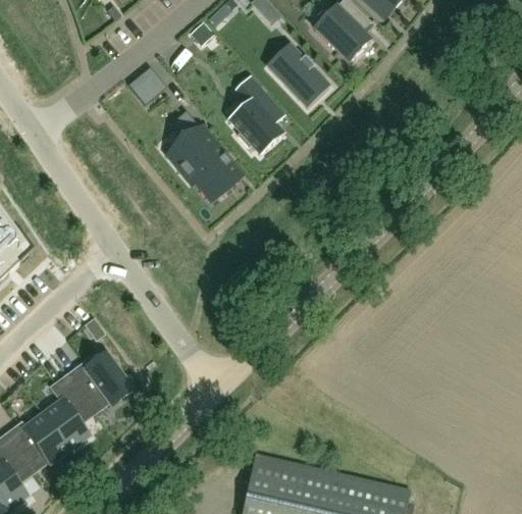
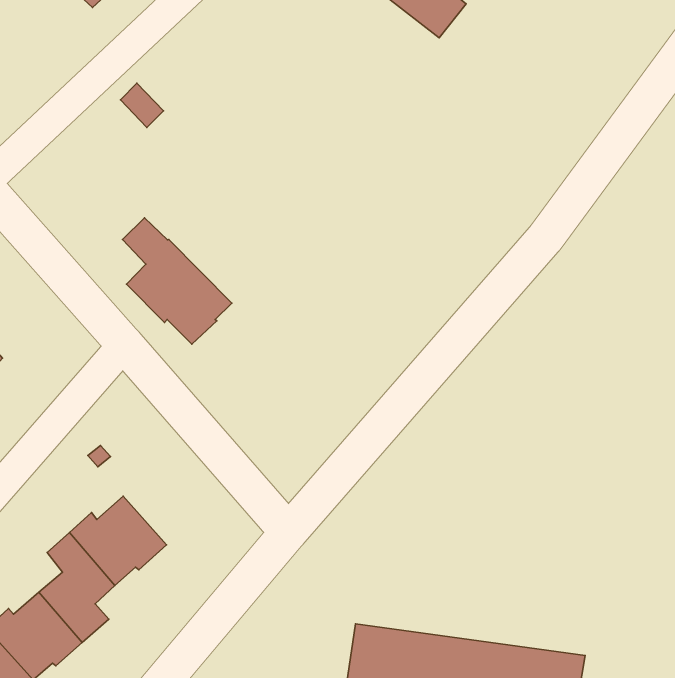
building: [268,46,328,107] -> none
building: [227,86,283,154] -> none
building: [168,110,239,199] -> [122,218,232,344]

